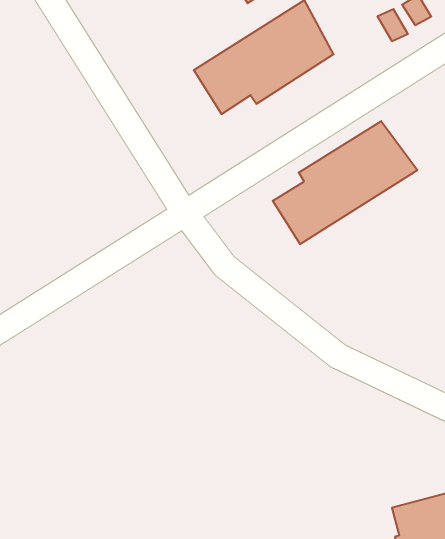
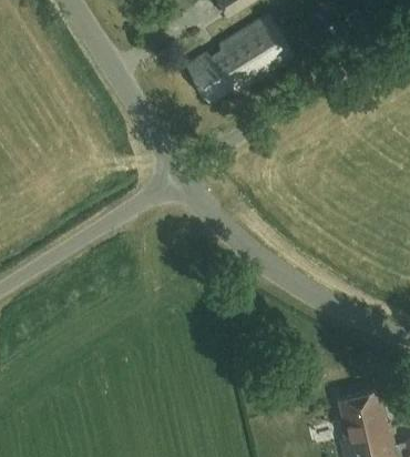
building: [273,121,417,244] -> none

